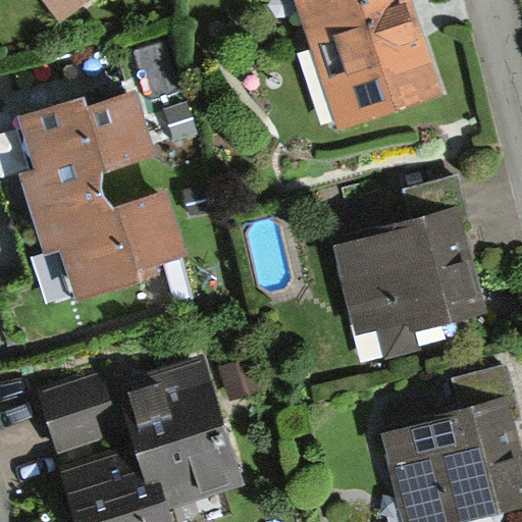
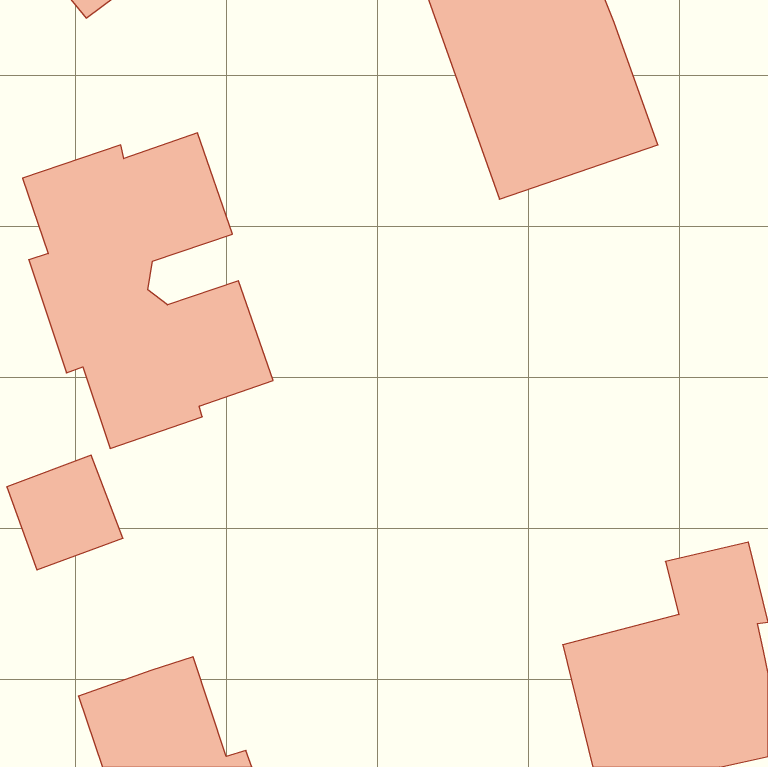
building: [334,175,485,358] -> none
building: [112,357,245,511] -> none
building: [39,373,117,451] -> [7,455,123,570]

